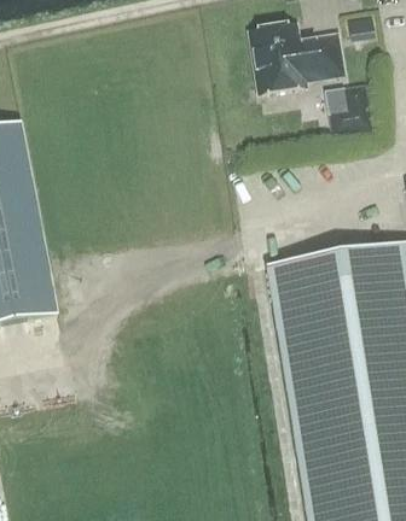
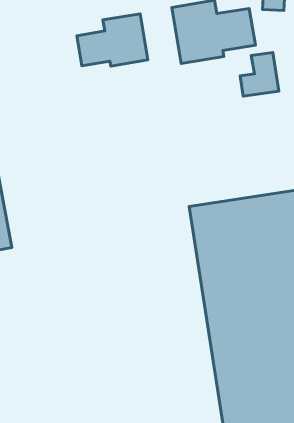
building: none -> [77,14,148,66]

